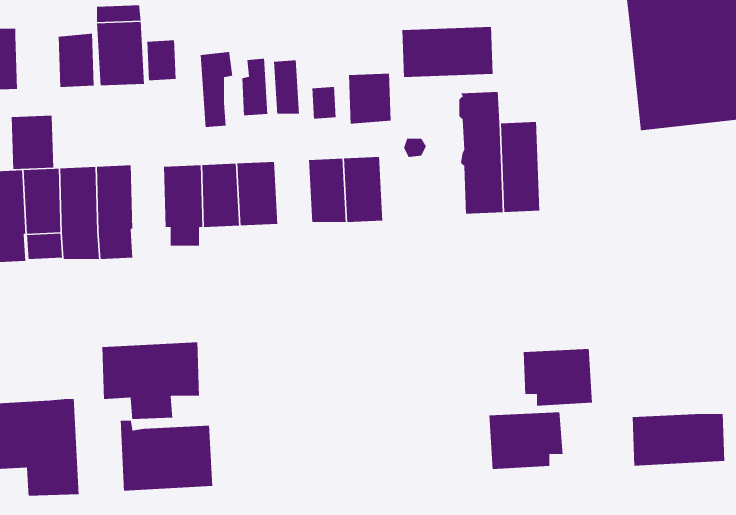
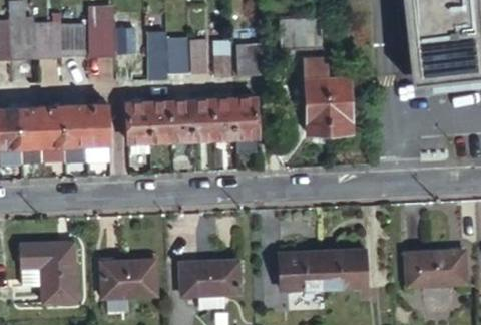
building: [11,115,54,170] -> [38,24,64,57]
building: none -> [193,99,215,138]
building: [101,341,200,420] -> [180,261,239,308]
building: [523,348,593,406] -> [282,253,324,288]

